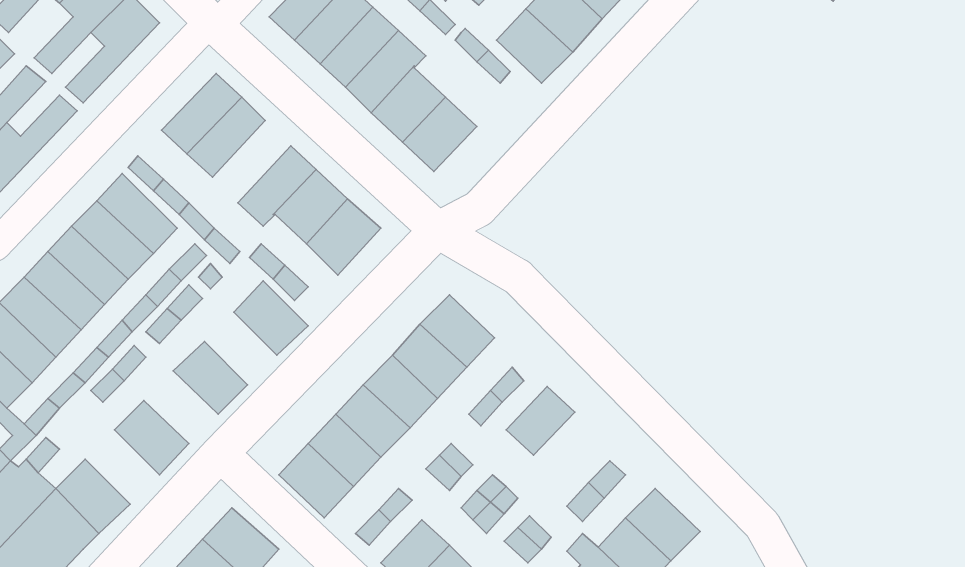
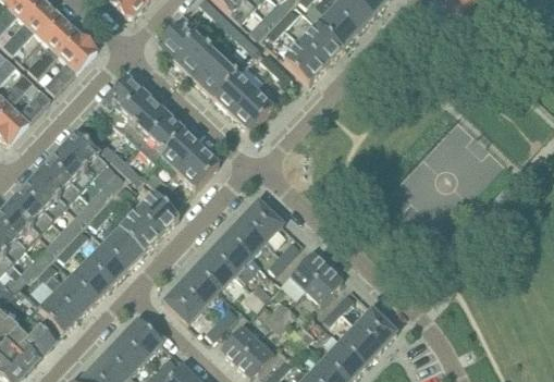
building: none -> [125,102,169,148]
building: none -> [121,209,161,249]
building: none -> [87,242,128,282]
building: none -> [38,260,96,316]
building: none -> [304,264,342,303]

